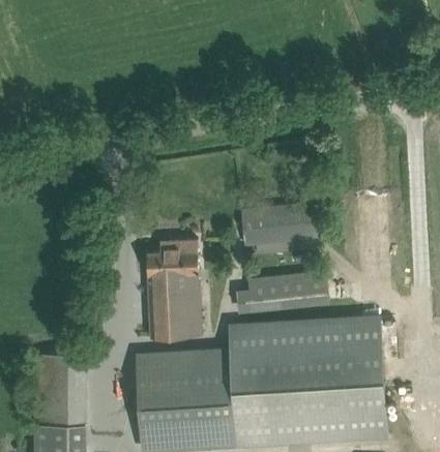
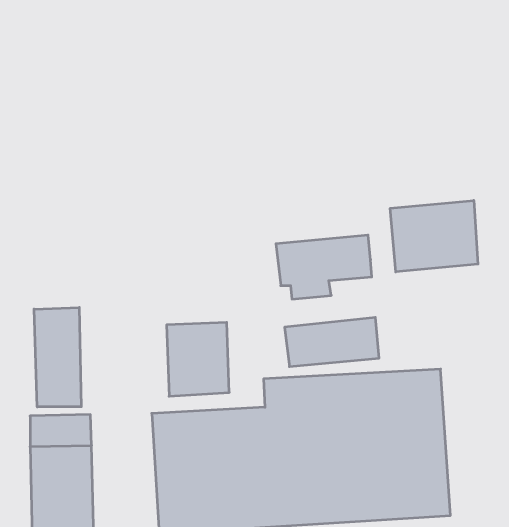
building: none -> [390,200,478,272]
building: [146,240,199,278] -> none
building: none -> [34,307,81,407]

